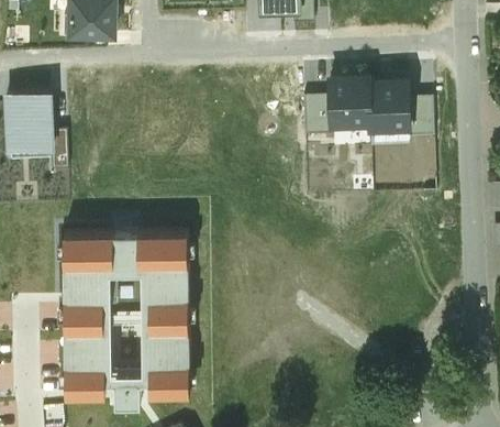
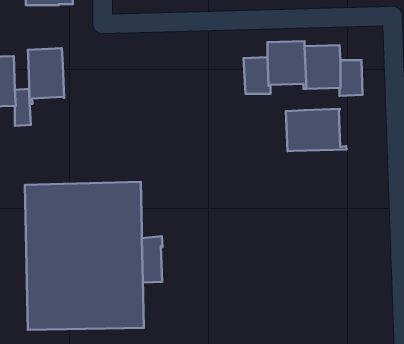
building: none -> [28,48,64,104]
building: none -> [286,109,347,151]
building: none -> [142,236,163,283]

